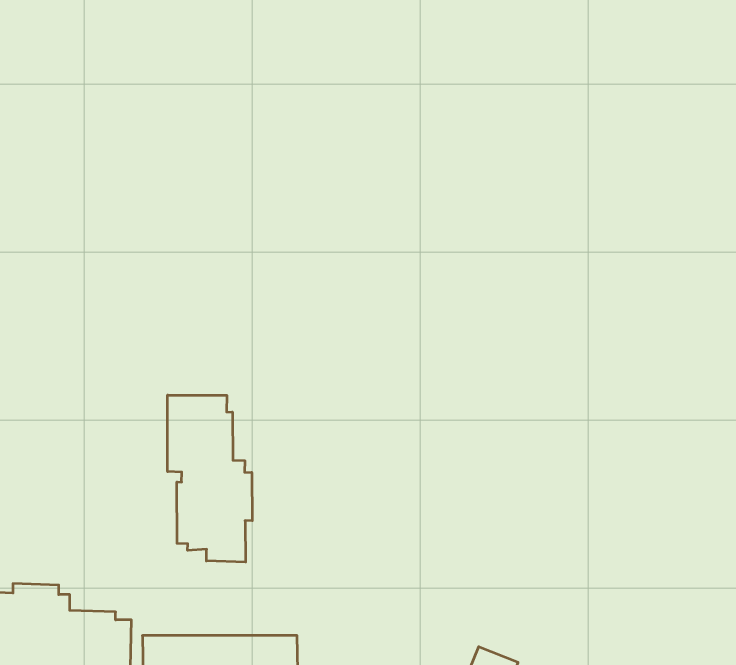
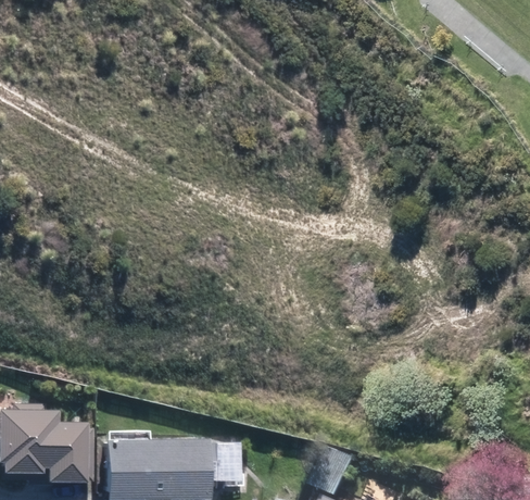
building: [168,395,252,562] -> none

